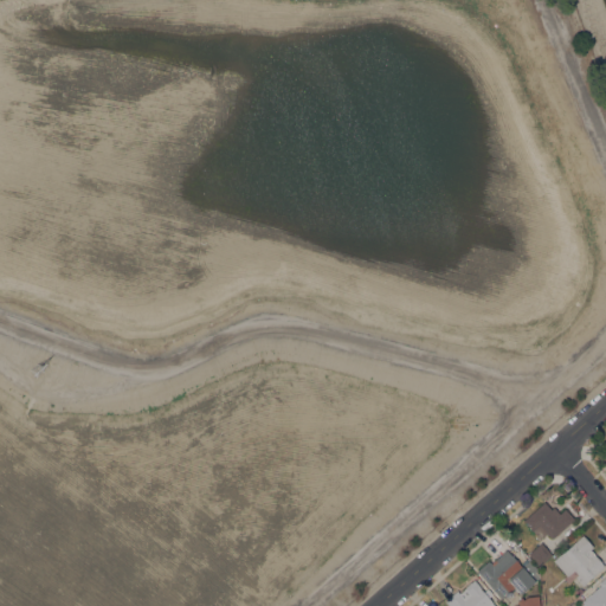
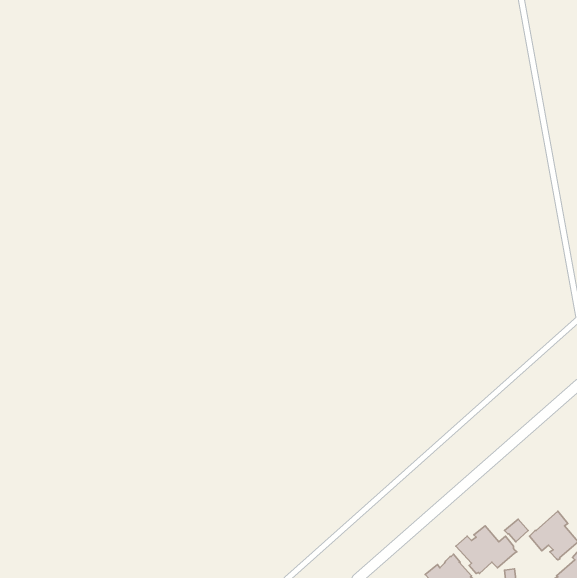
building: [524,502,576,541] -> none

